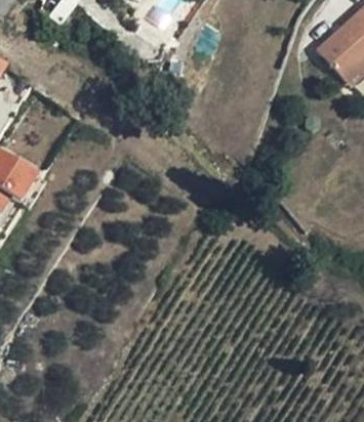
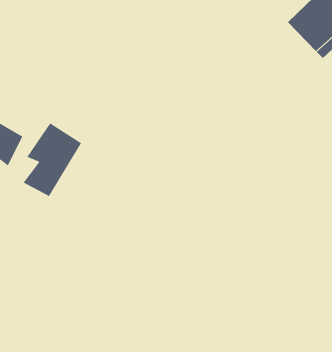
building: none -> [23,122,82,197]

